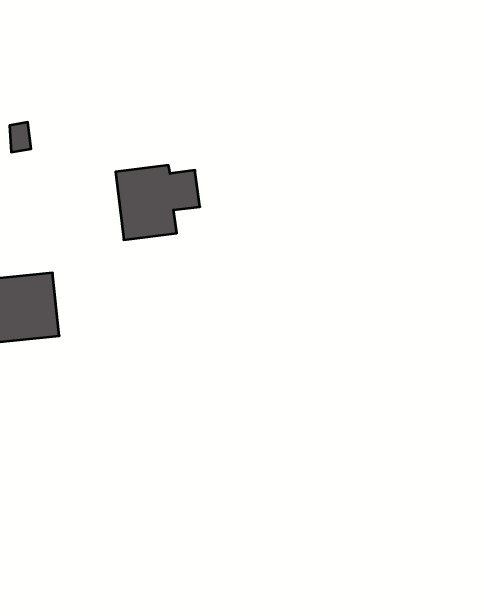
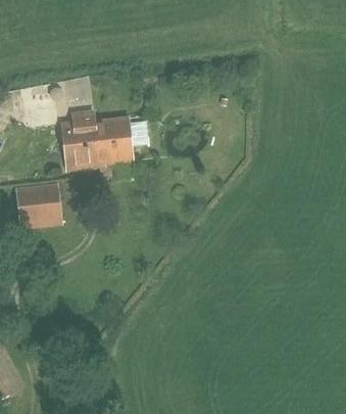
building: none -> [61,109,101,168]

